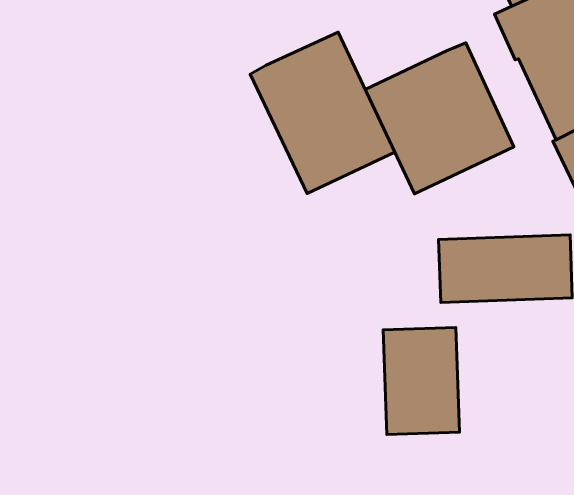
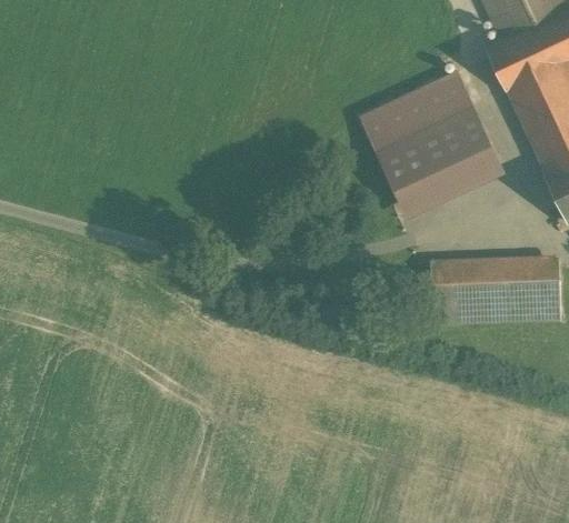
building: [250,32,395,193] -> none
building: [383,327,460,435] -> none

